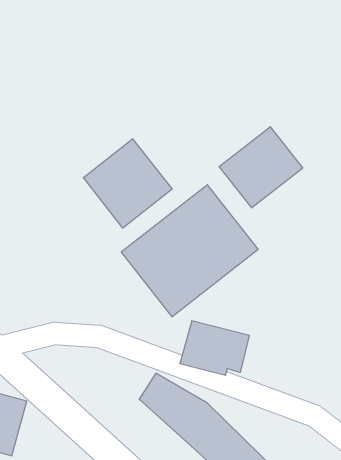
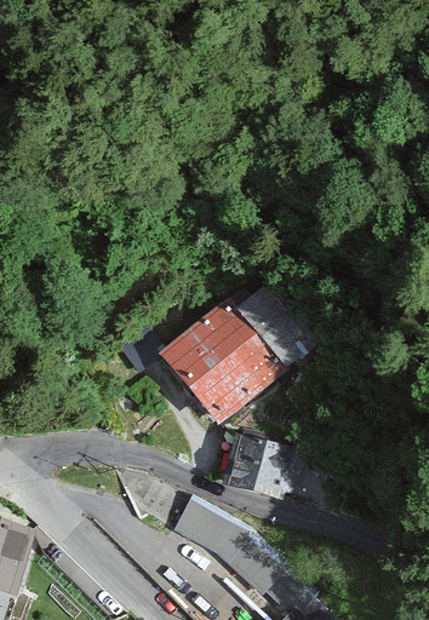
building: [219,127,303,208] -> none
building: [83,139,172,228] -> none

